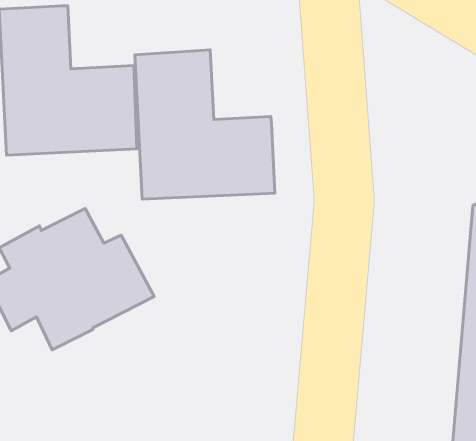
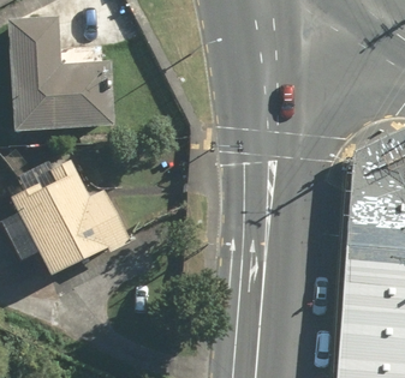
building: [135,50,275,199] -> none

